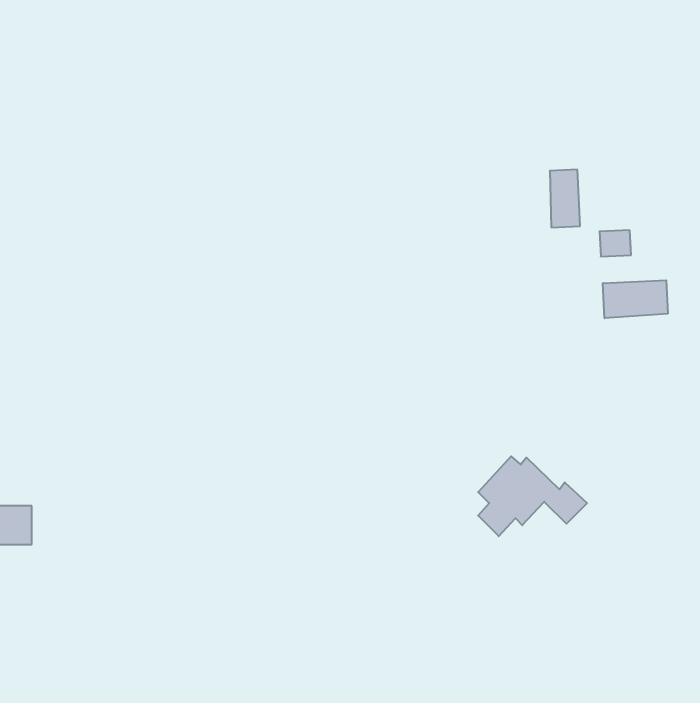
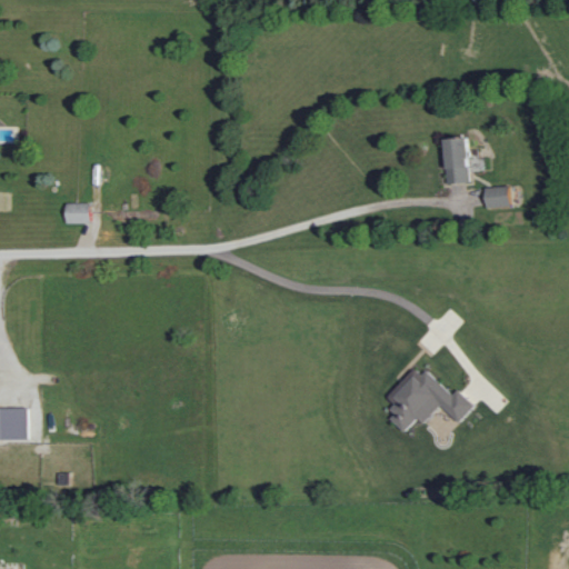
building: none -> [63,203,88,224]
building: [603,280,668,318] -> none

